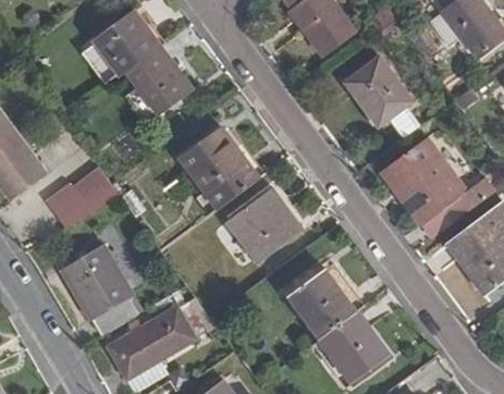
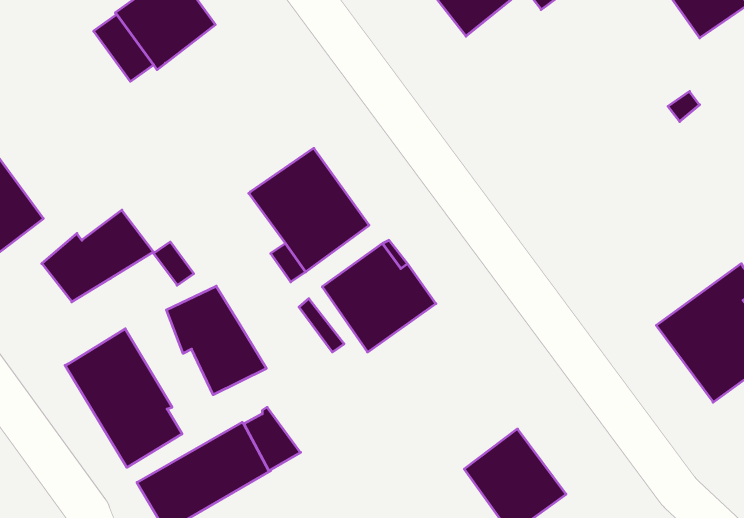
building: [126,47,189,112] -> none
building: [346,58,419,137] -> none
building: [381,139,492,225] -> none
building: none -> [166,286,266,395]
building: [290,268,356,336] -> none

